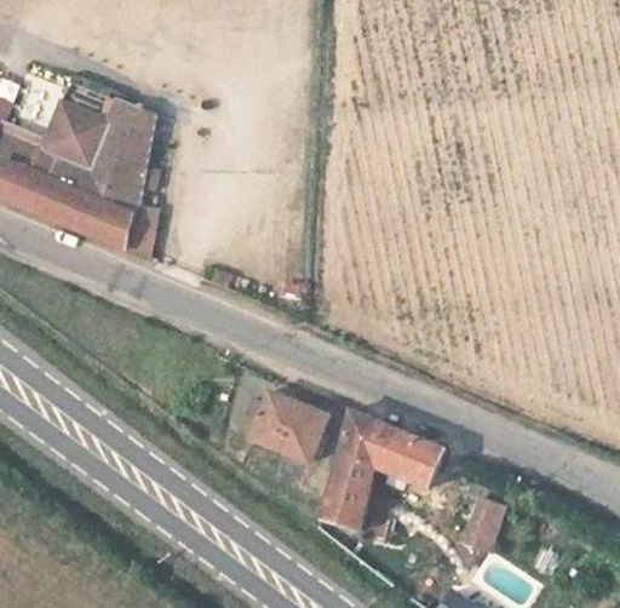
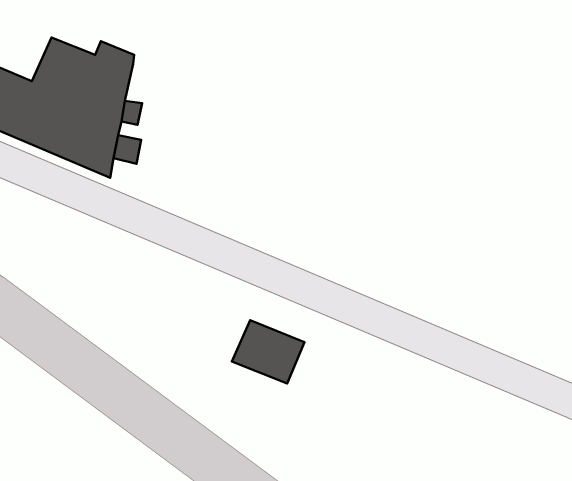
building: [327,415,438,528] -> none
building: [464,501,503,553] -> none

